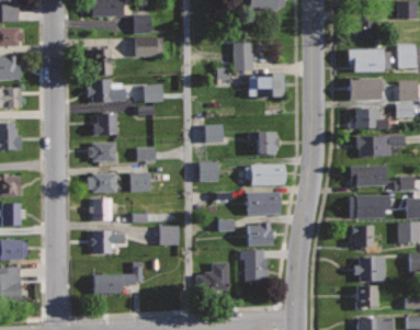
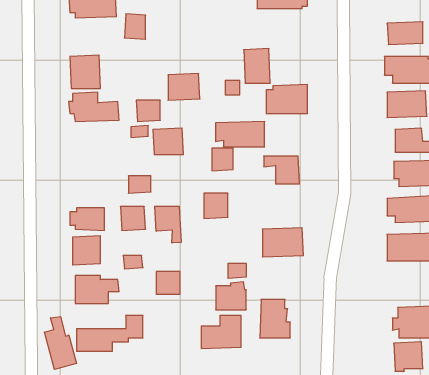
building: [135,36,161,58] -> [168,74,200,100]
building: [93,113,118,135] -> [153,128,183,155]
building: [89,143,117,161] -> none
building: [246,164,286,185] -> [216,122,265,147]
building: none -> [155,206,181,243]
building: [248,223,273,246] -> [216,282,246,310]
building: [352,226,375,248] -> none
building: none -> [44,317,76,369]

